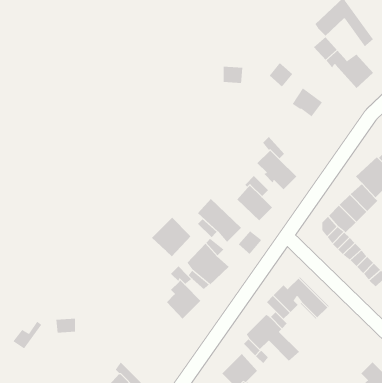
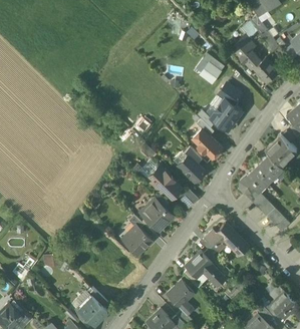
building: none -> [215,99,242,129]
building: [151,217,191,257] -> none

